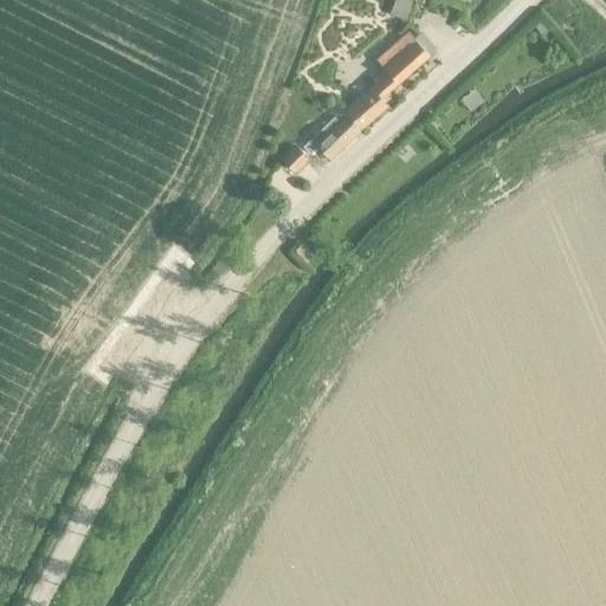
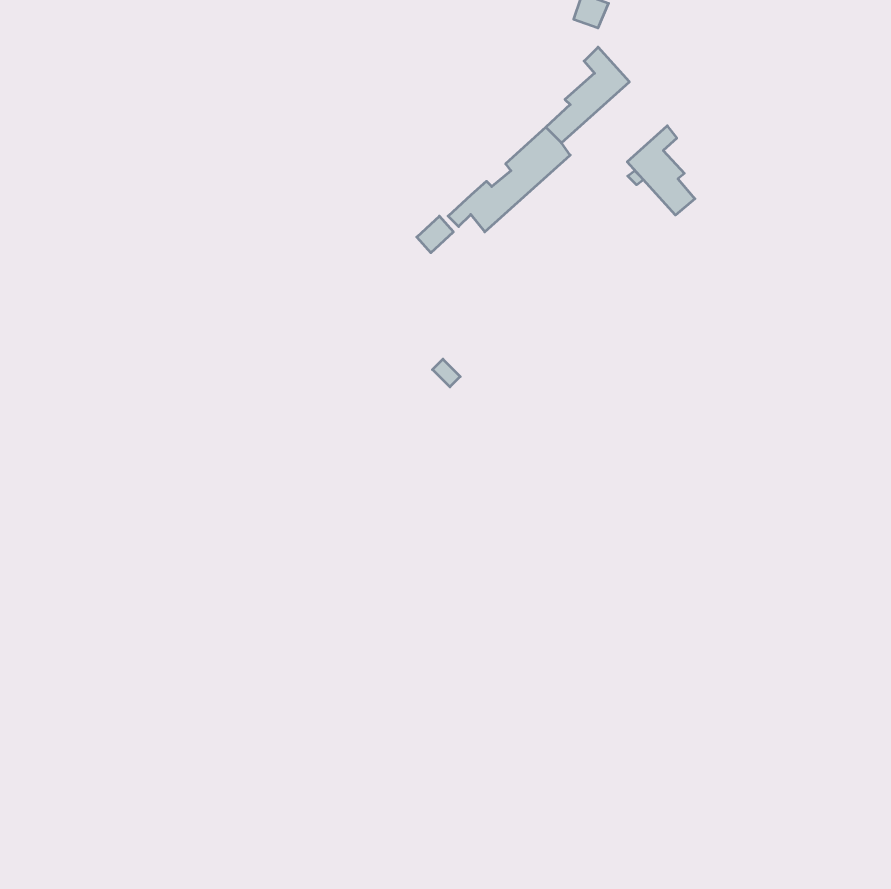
building: none -> [627,126,695,215]

